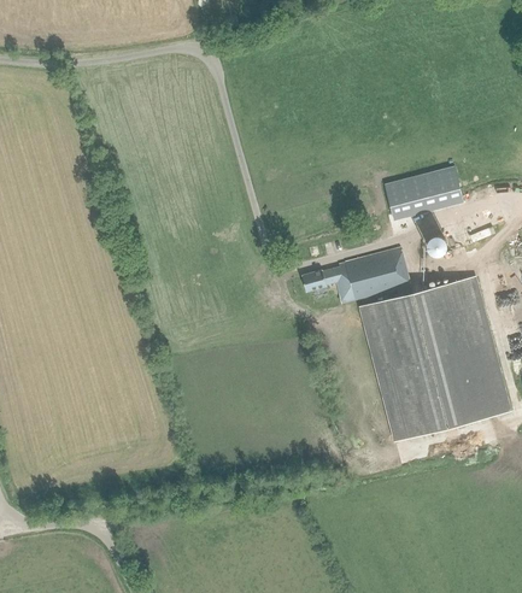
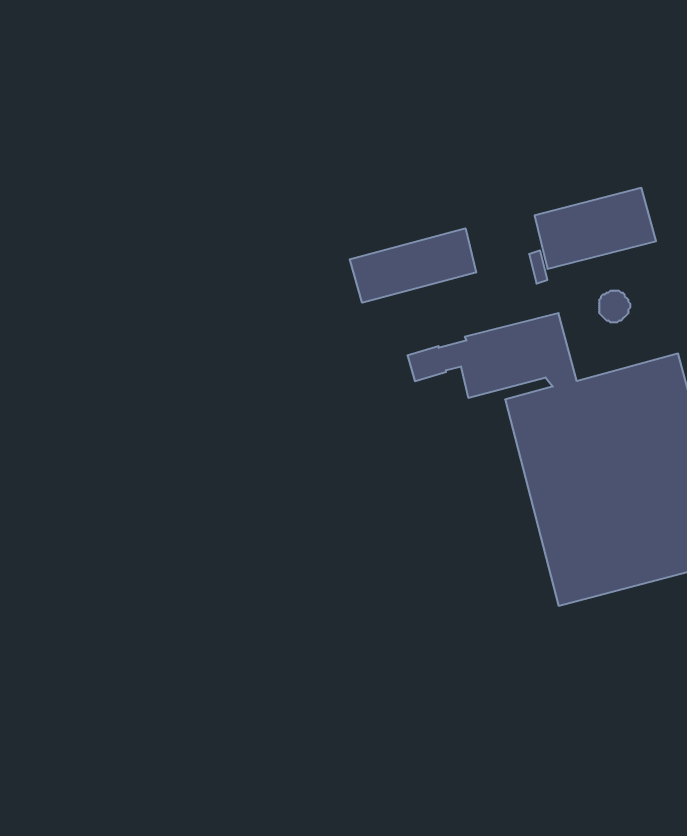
building: none -> [350,228,476,303]

